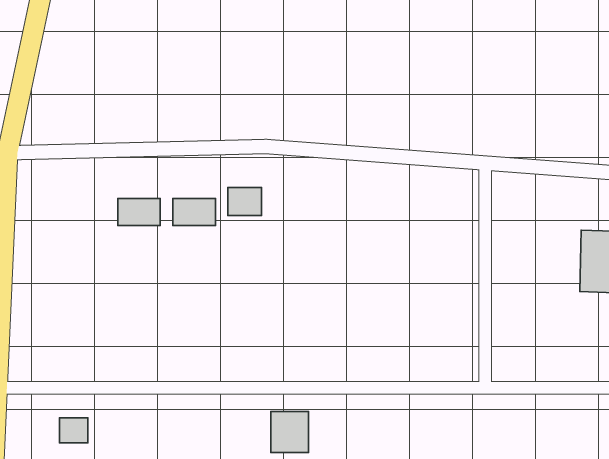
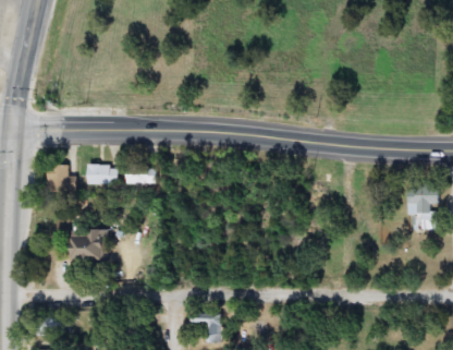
building: [228,188,262,216] -> none
building: none -> [46,170,74,192]
building: none -> [70,229,105,261]

